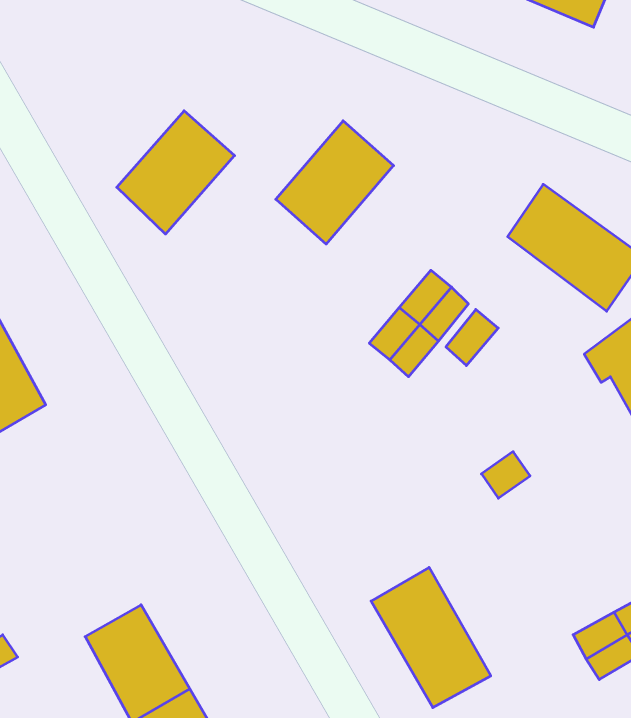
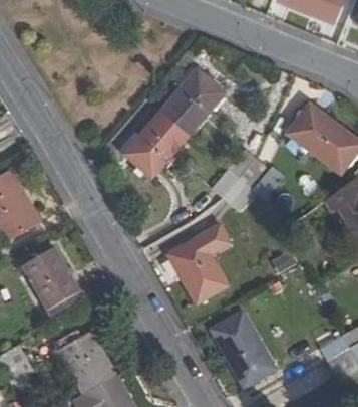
building: [117,111,235,234] -> [125,114,189,180]
building: none -> [170,224,231,302]
building: none -> [20,247,77,310]

